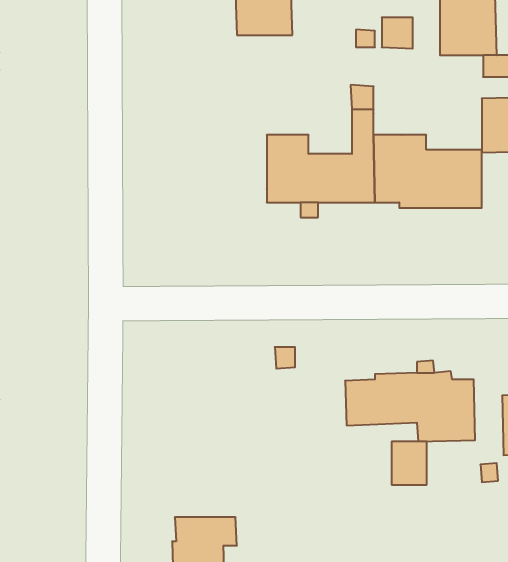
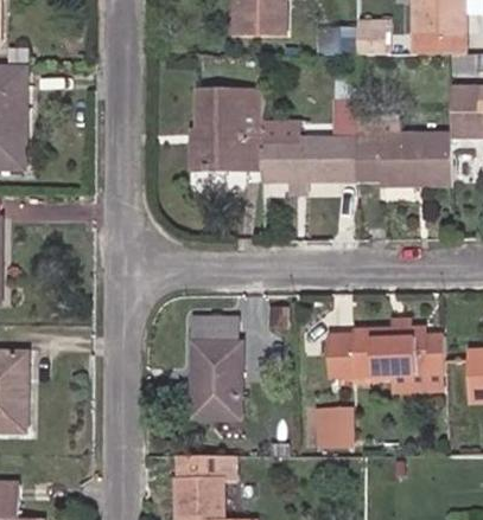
building: none -> [192,90,261,168]
building: none -> [192,317,240,417]
building: [392,442,427,485] -> [319,406,350,444]

